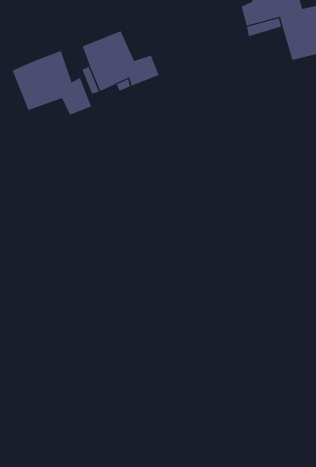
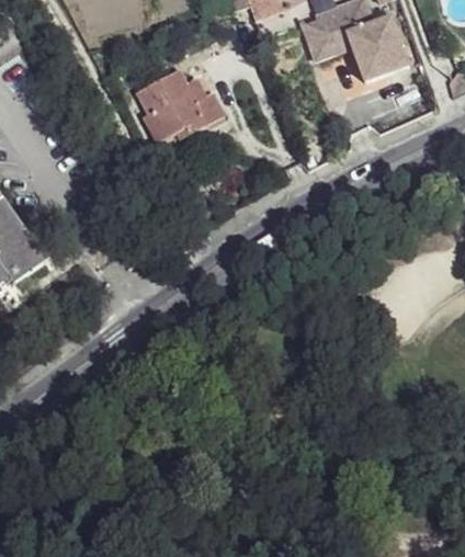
building: [12,50,92,115] -> none

